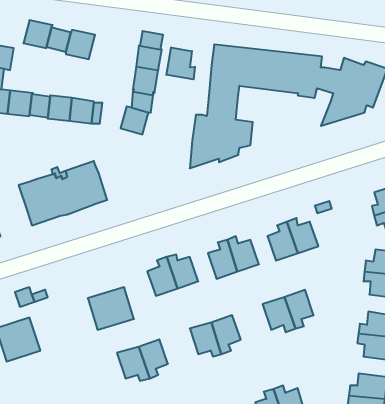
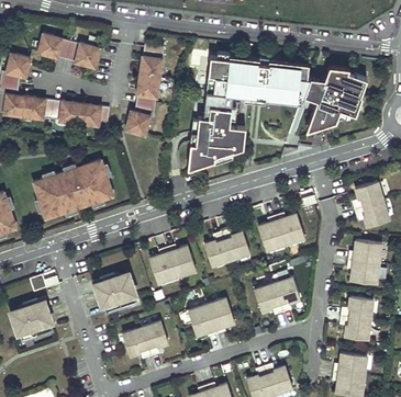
building: [166,47,195,79] -> none

